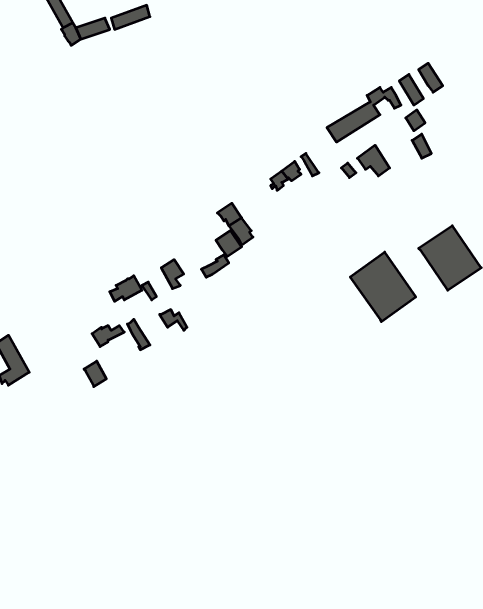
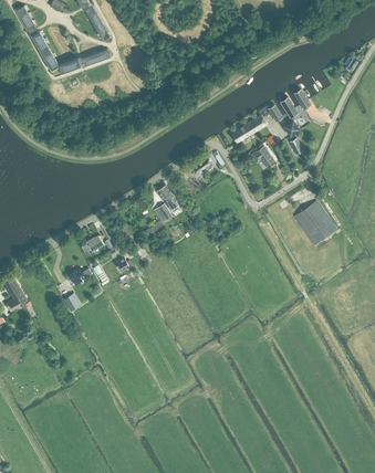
building: [350,252,416,322] -> none

